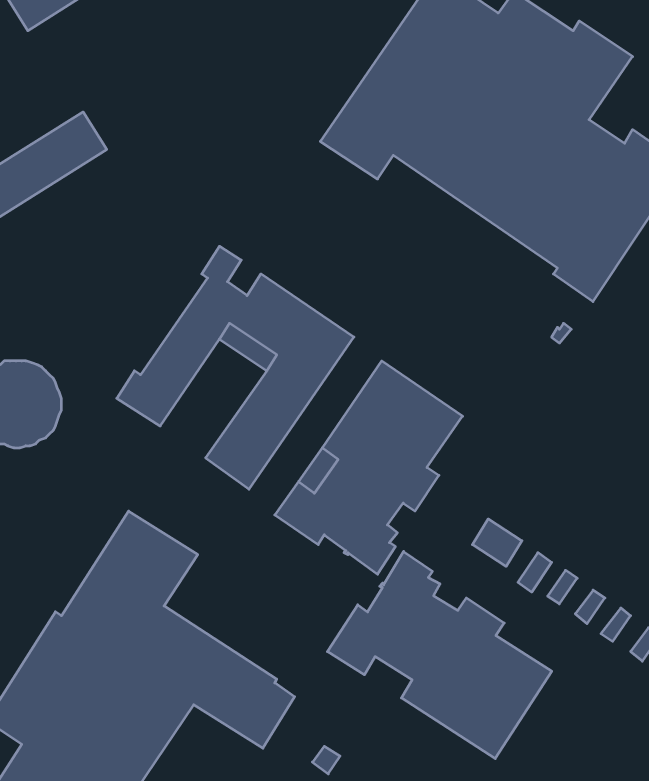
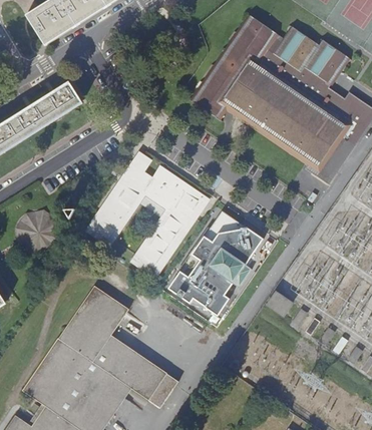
building: [327,551,552,759] -> none

